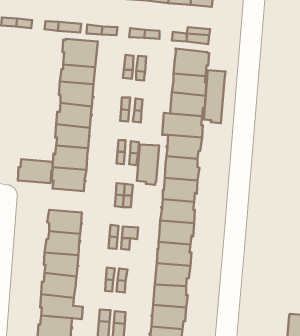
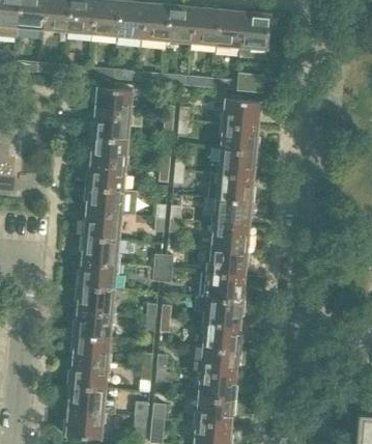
building: [204,70,226,123] -> none
building: [137,144,159,185] -> none
building: [18,159,52,183] -> [76,261,116,289]

